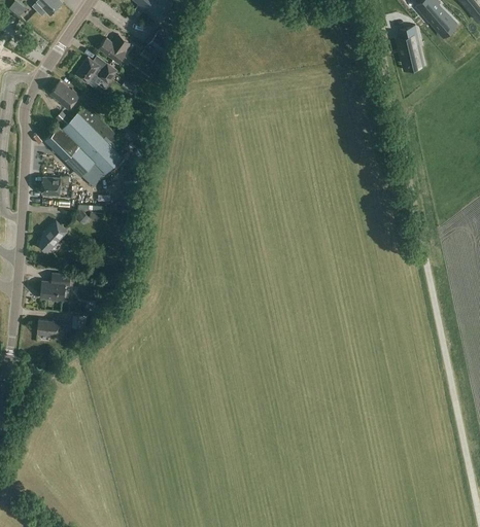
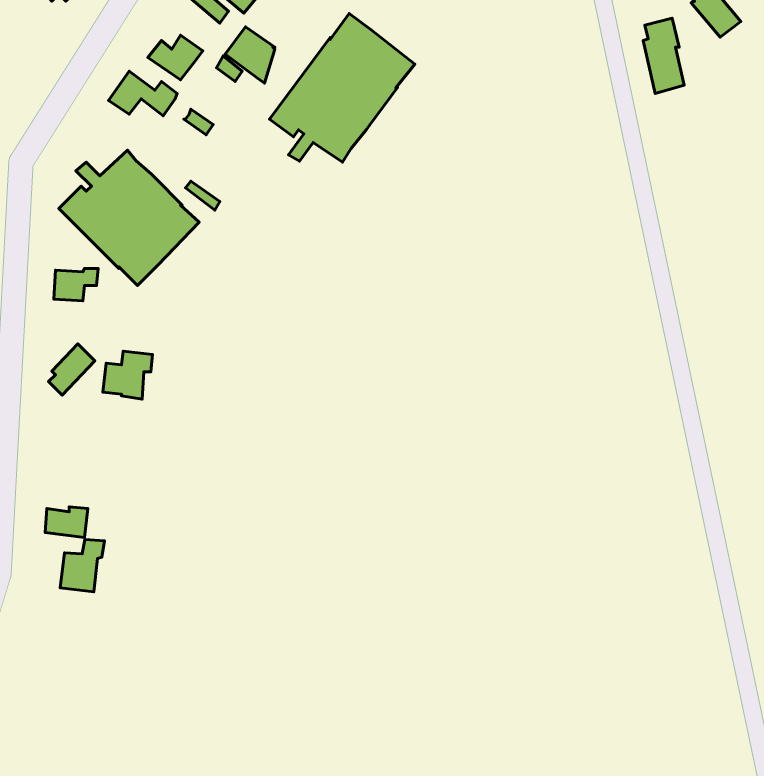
building: none -> [270,14,415,162]
building: [50,80,79,109] -> none
building: [40,273,70,302] -> [103,351,152,399]
building: none -> [60,539,105,592]

